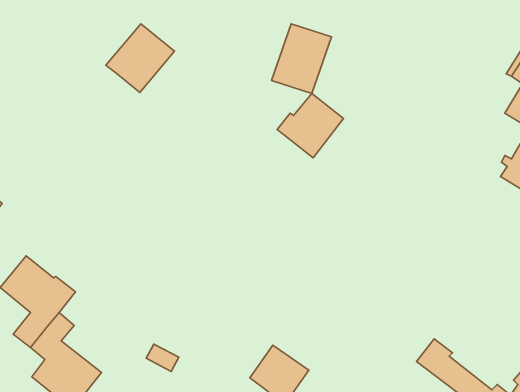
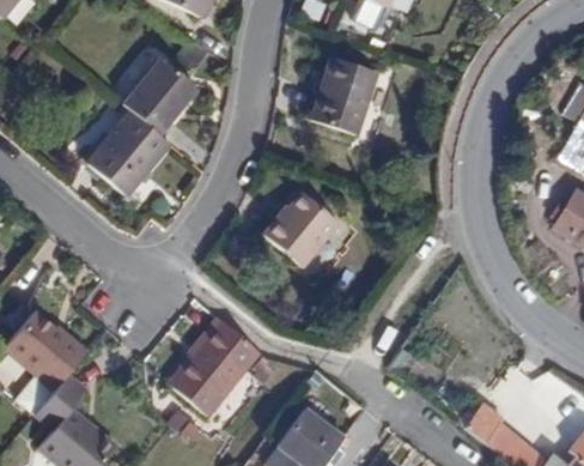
building: none -> [81,110,170,194]
building: [277,94,344,158] -> [269,198,342,268]
building: none -> [175,317,264,414]

